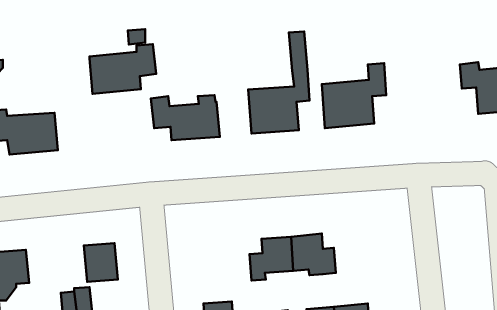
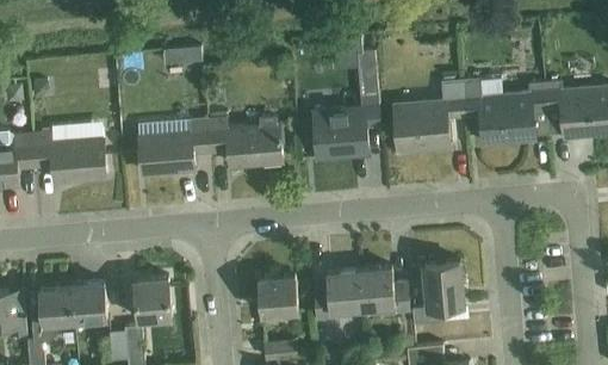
building: [89,44,156,94] -> [138,122,211,175]
building: none -> [461,80,546,146]
building: none -> [412,262,463,324]
building: none -> [260,277,298,315]
building: none -> [72,283,107,322]

